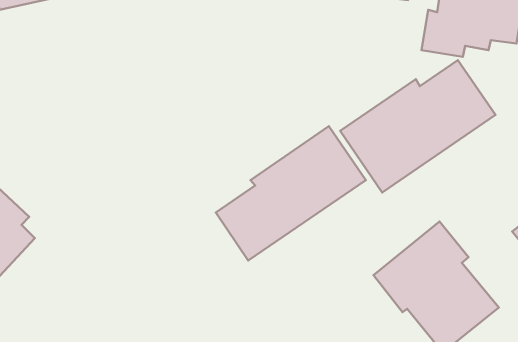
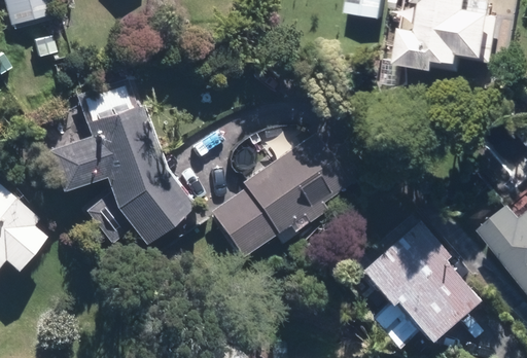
building: [340,60,496,192] -> none
building: none -> [49,79,190,244]

